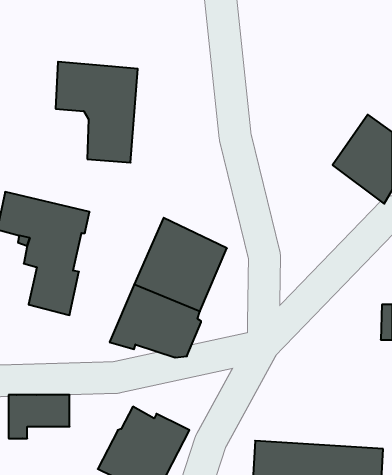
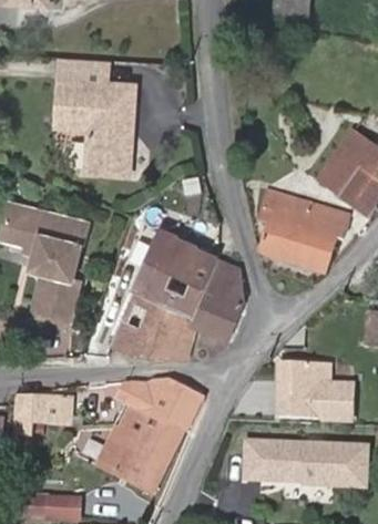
building: none -> [60,55,113,85]
building: none -> [257,189,348,270]
building: none -> [192,257,243,339]
building: none -> [277,362,350,420]
building: none -> [124,379,201,429]

